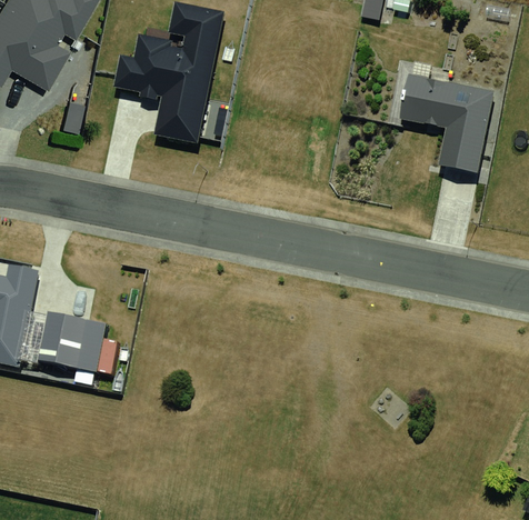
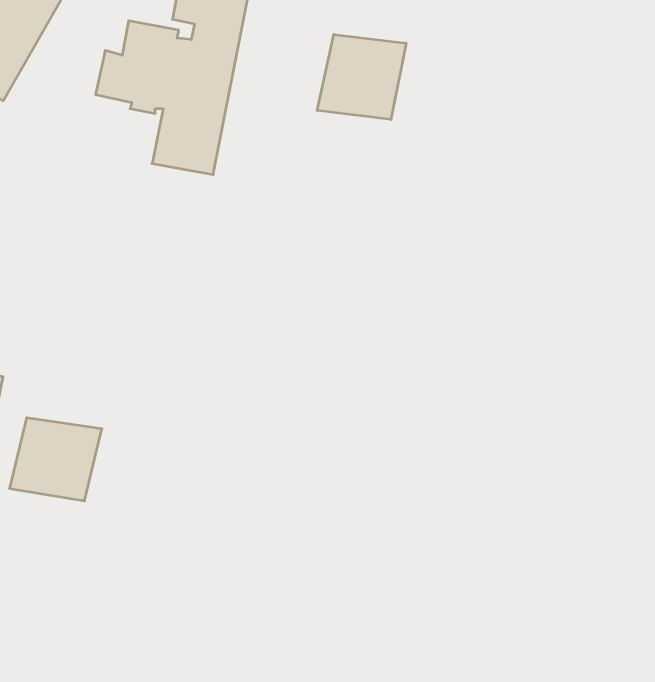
building: none -> [317,34,406,120]
building: [399,74,492,172] -> none

